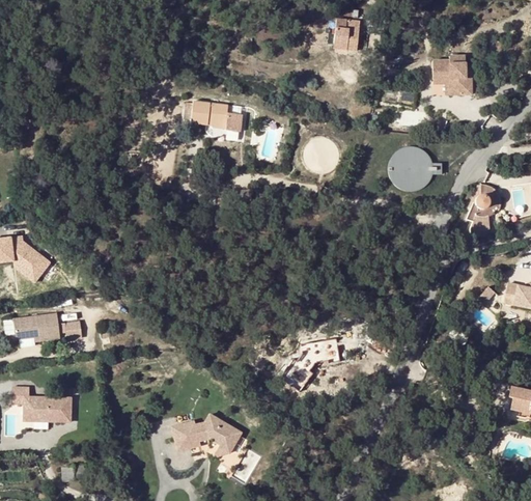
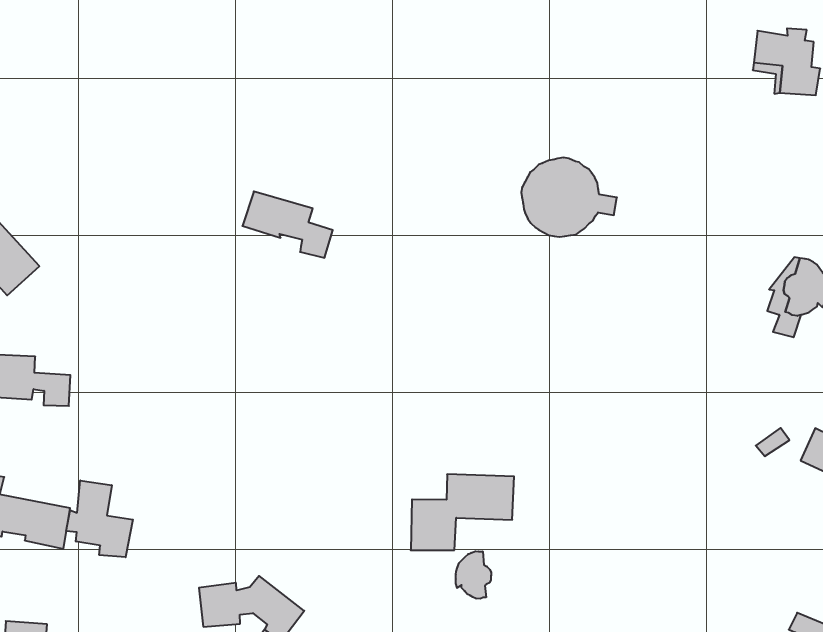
building: [190,102,242,133] -> [242,191,333,258]
building: [387,146,442,192] -> [521,158,617,237]
building: none -> [66,480,133,557]
building: none -> [456,551,491,599]

